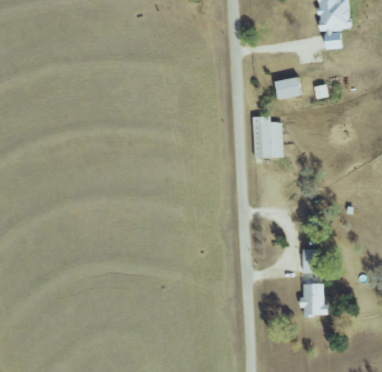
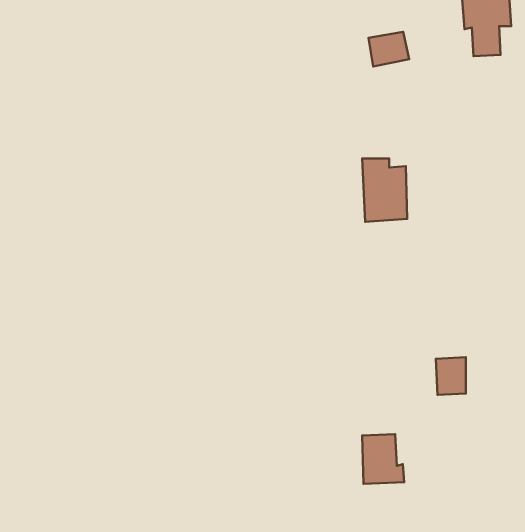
building: [276,76,303,99] -> [369,32,409,67]
building: [301,283,329,316] -> [362,434,404,484]

